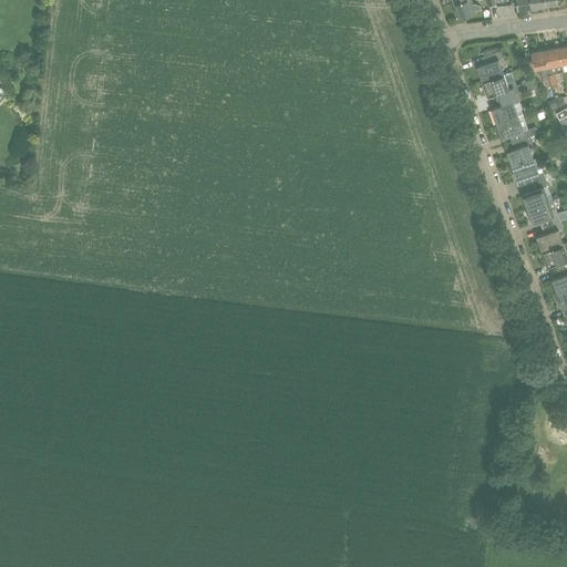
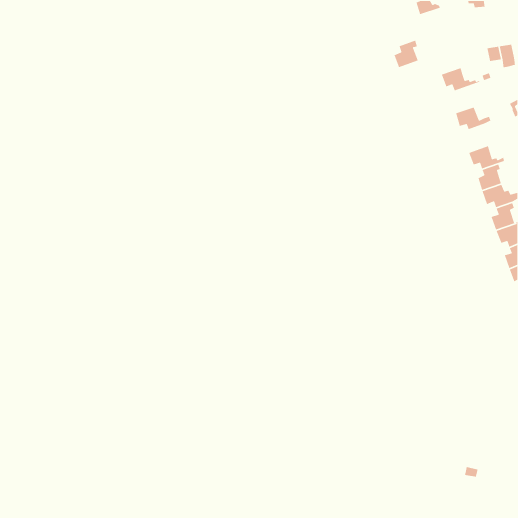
building: [475,51,503,82] -> [394,40,419,68]
building: [491,92,523,124] -> none
building: [505,136,533,167] -> none

